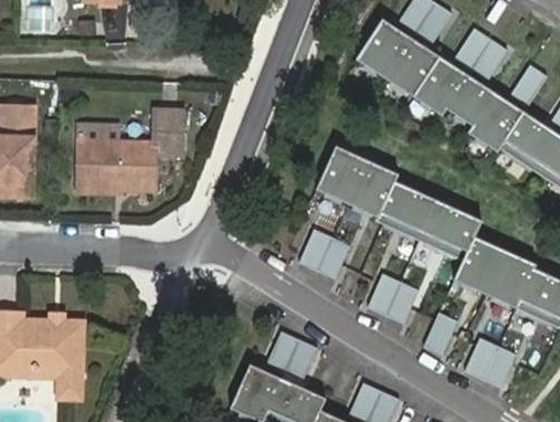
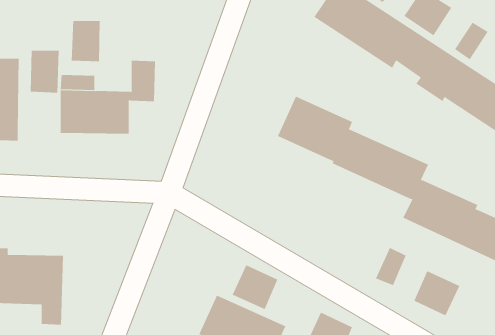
building: none -> [71,20,100,62]
building: none -> [30,50,59,94]
building: [299,229,350,278] -> none
building: [368,273,419,323] -> none

